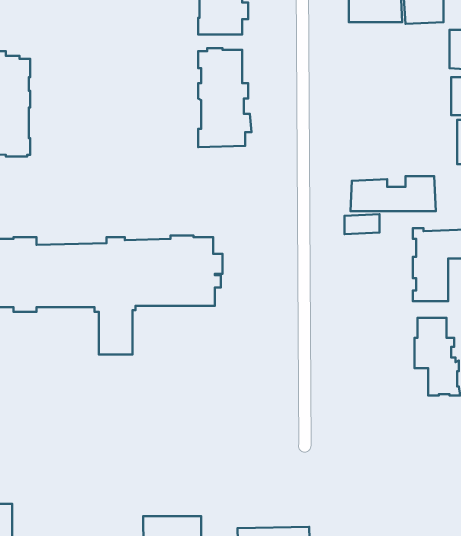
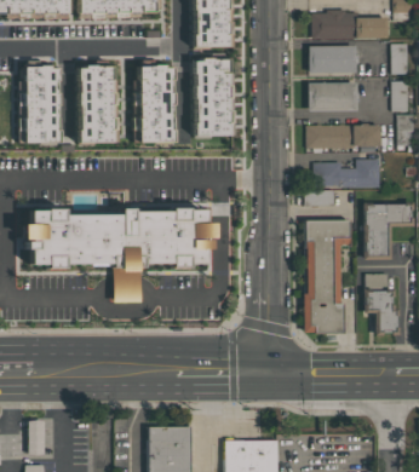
building: none -> [309,46,360,73]
building: none -> [78,59,117,144]
building: none -> [133,59,173,144]
building: none -> [309,82,360,111]
building: none -> [308,123,380,150]
building: none -> [304,219,351,333]

